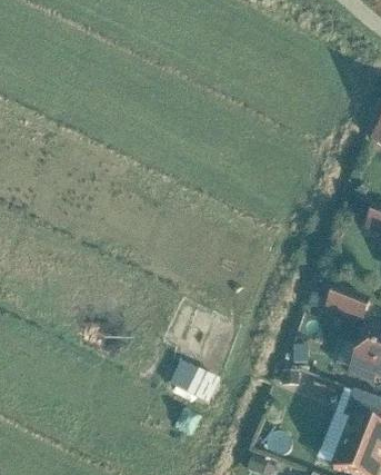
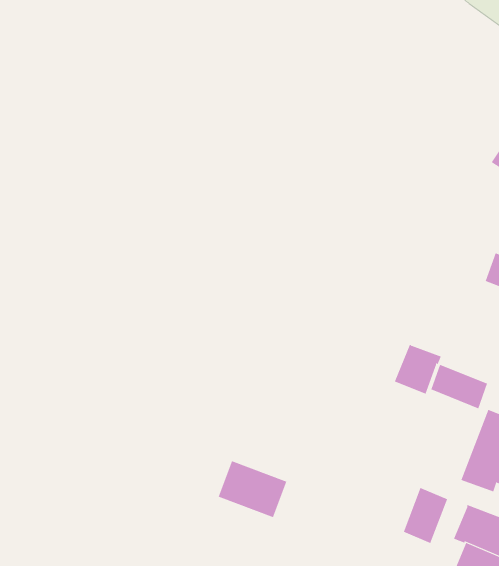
building: none -> [394,343,442,394]
building: none -> [403,487,448,544]

